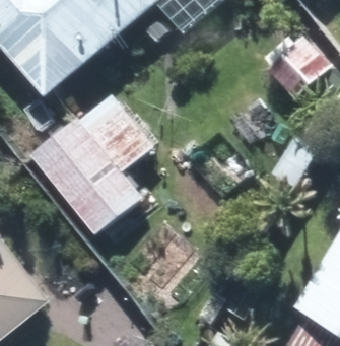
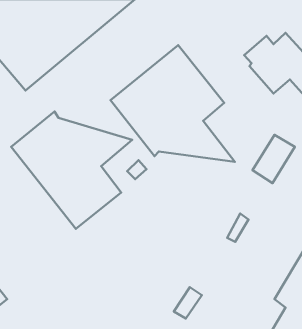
building: none -> [110,45,235,162]

